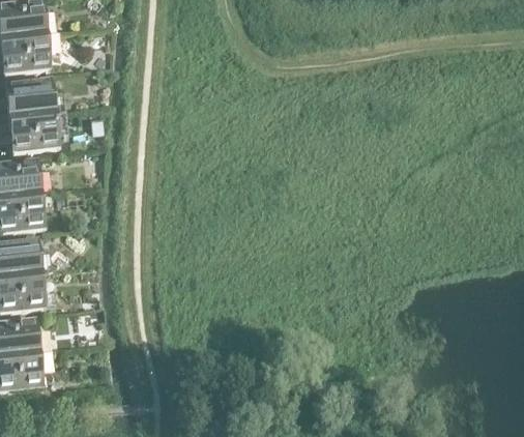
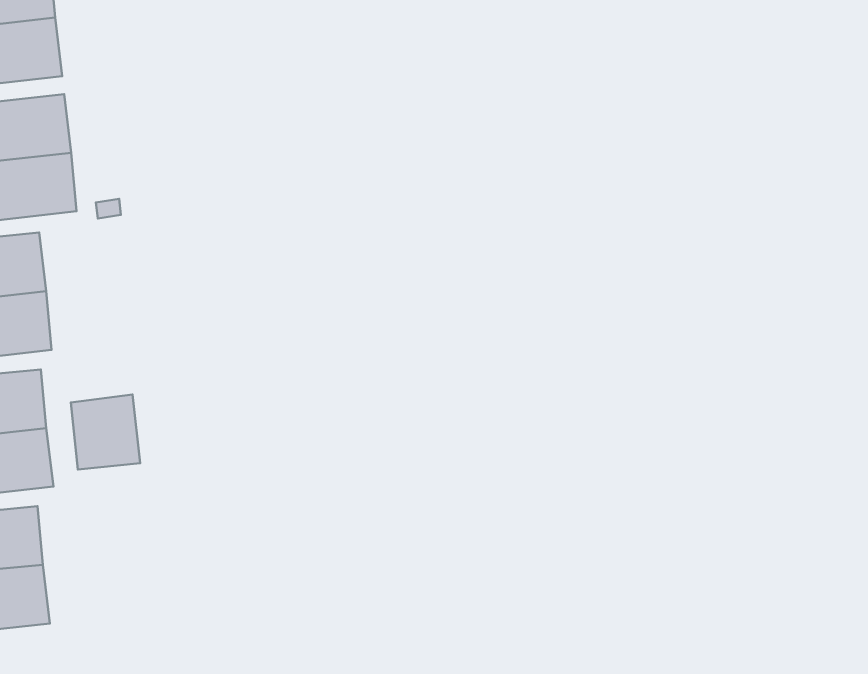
building: none -> [71,395,140,469]

